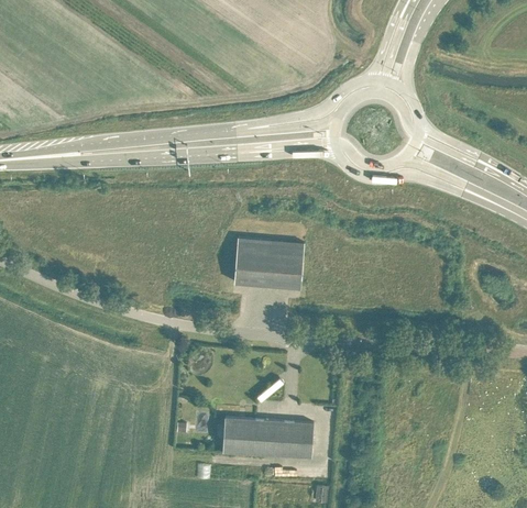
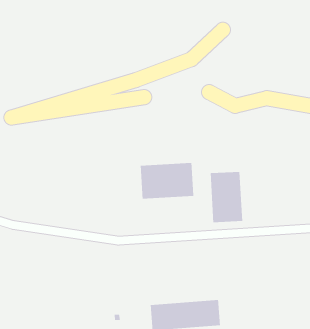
building: none -> [210,171,243,223]

